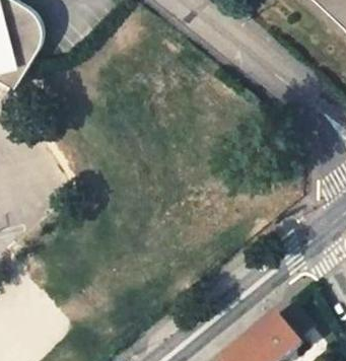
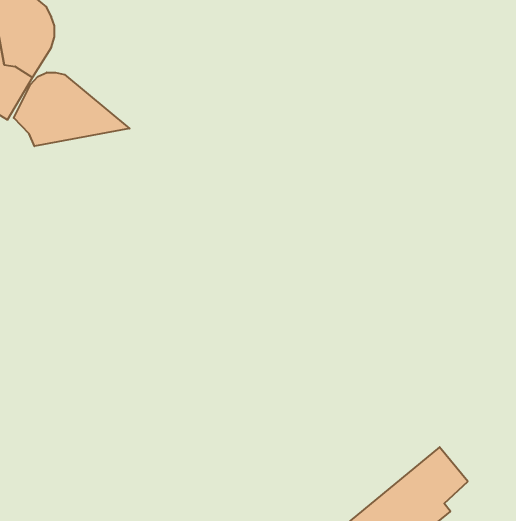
building: none -> [14,72,130,146]

